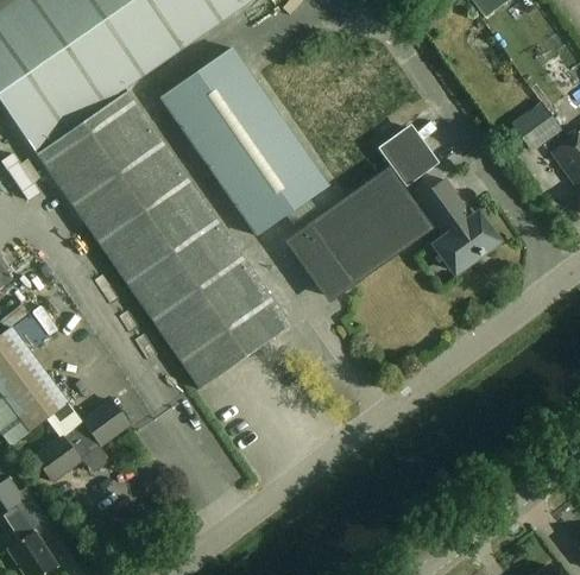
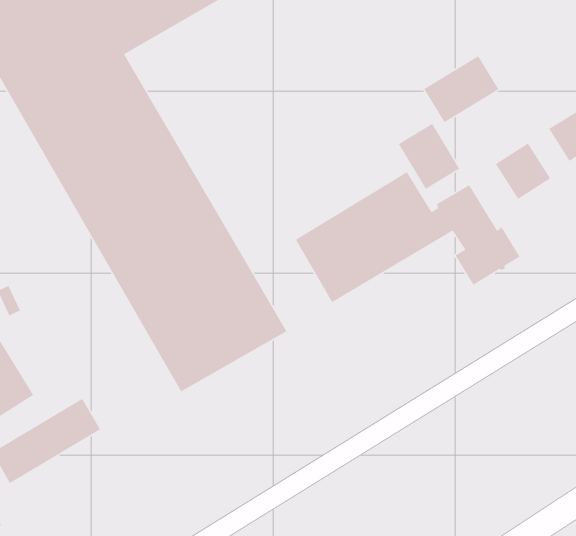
building: [160,48,328,234] -> none
building: none -> [423,55,499,123]
building: none -> [495,143,551,200]

